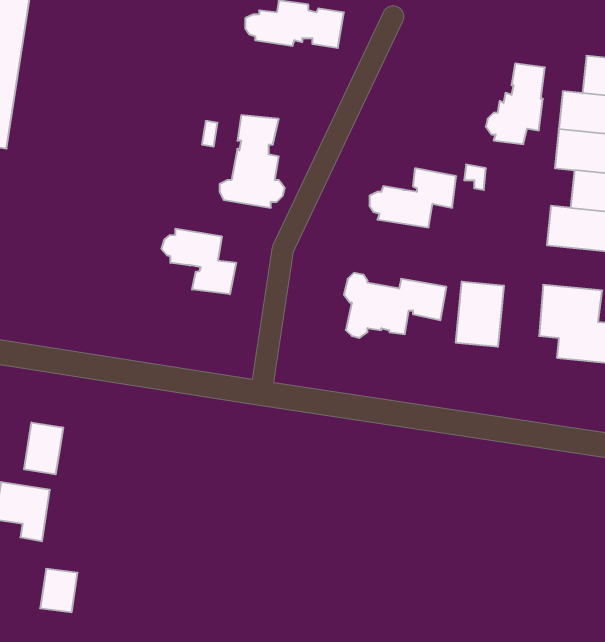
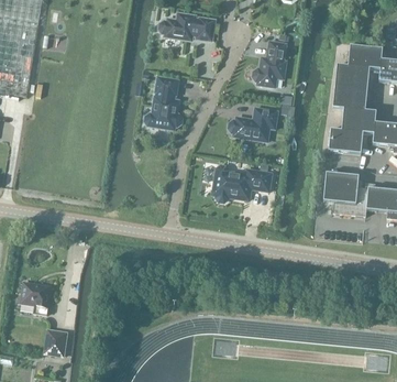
building: [486,63,545,144] -> [253,41,286,86]
building: [162,229,236,294] -> none
building: [456,281,504,347] -> none
building: [24,422,63,474] -> none

